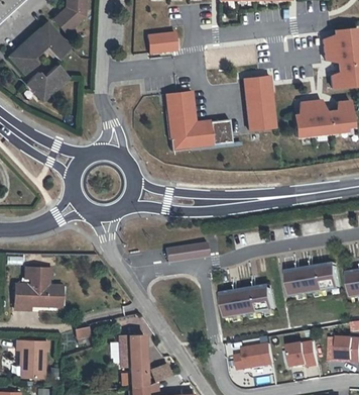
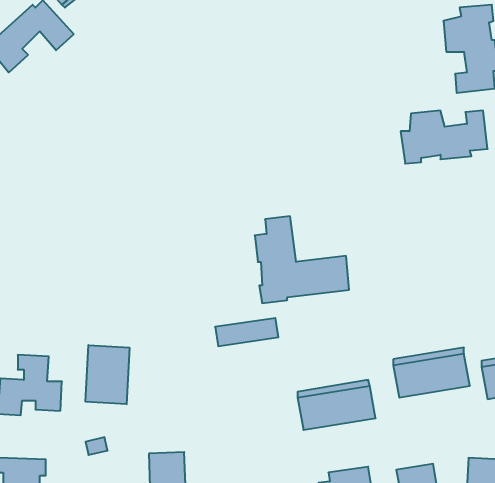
building: [147,31,175,52] -> none
building: [26,64,68,100] -> none
building: [242,75,273,129] -> none
building: [166,91,231,151] -> [255,216,349,303]
building: none -> [86,345,129,404]

